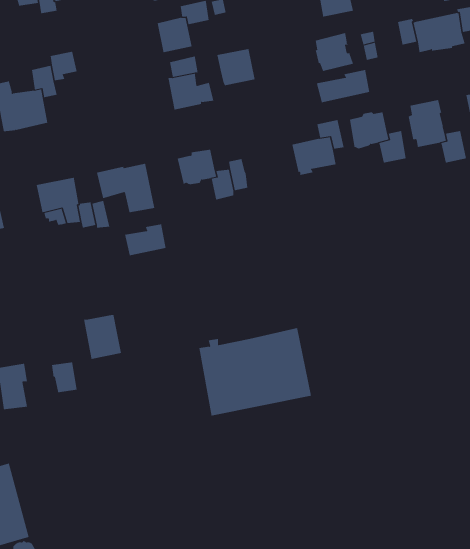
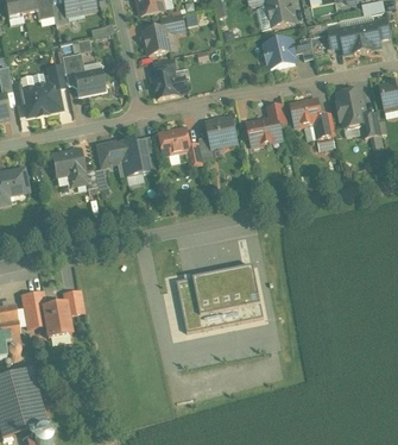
building: [217,49,255,86] -> [207,118,236,146]
building: [316,69,370,103] -> none
building: none -> [72,68,105,94]
building: [124,224,166,256] -> none
building: [83,314,122,359] -> [42,302,71,337]

